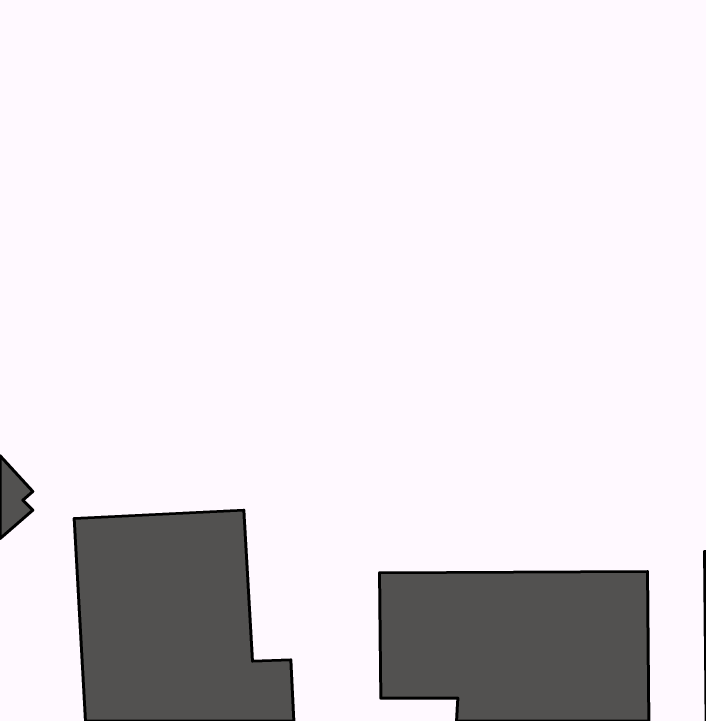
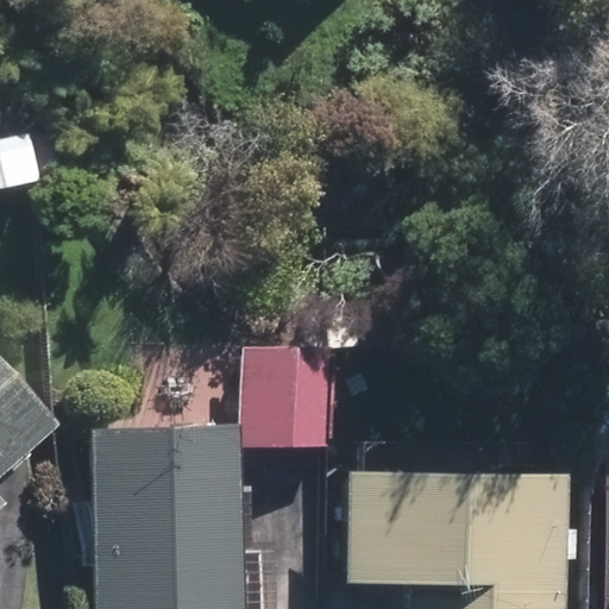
building: none -> [241,346,332,446]

